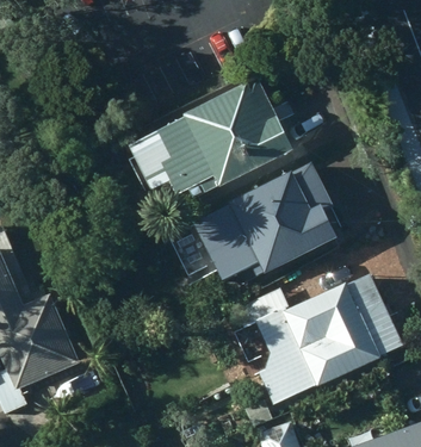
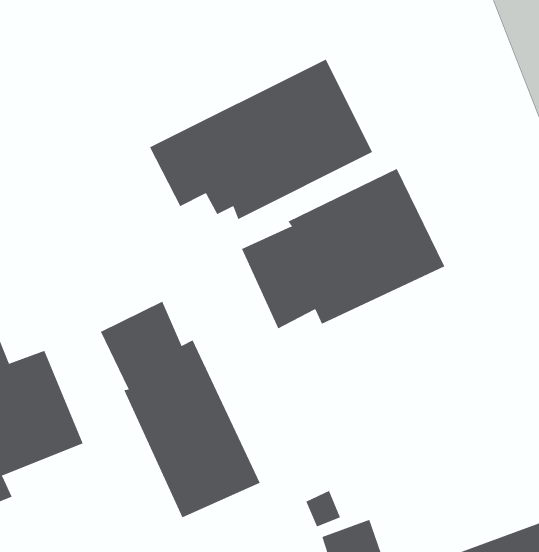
building: none -> [100,301,260,518]
building: [234,272,403,404] -> none

